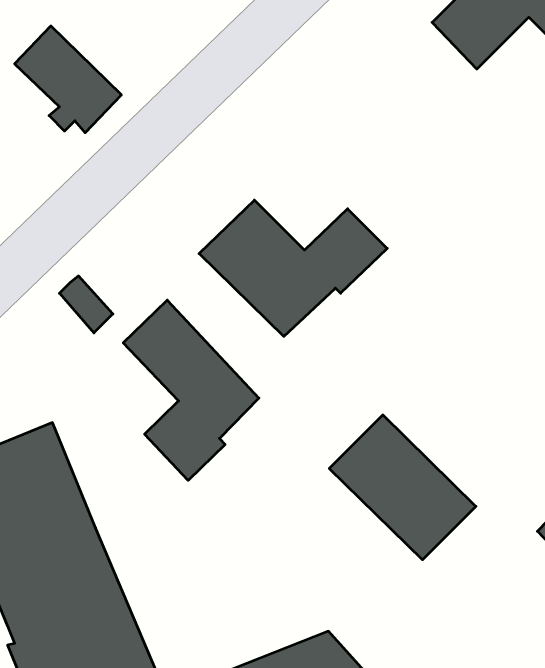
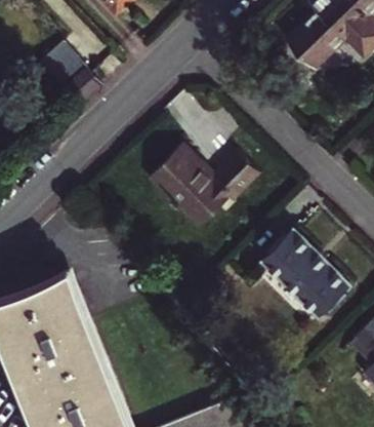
building: [123,300,259,480] -> none
building: [329,415,476,560] -> [263,231,350,317]

